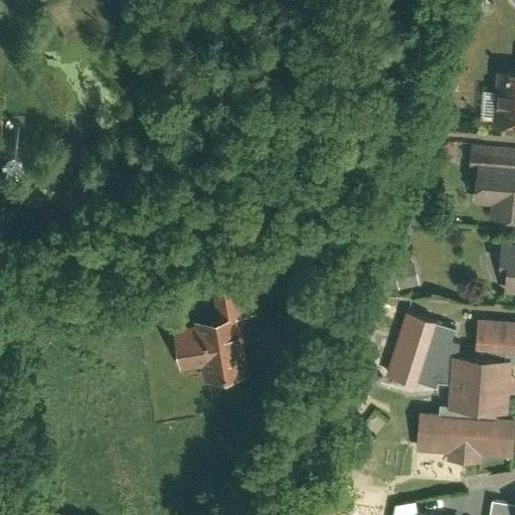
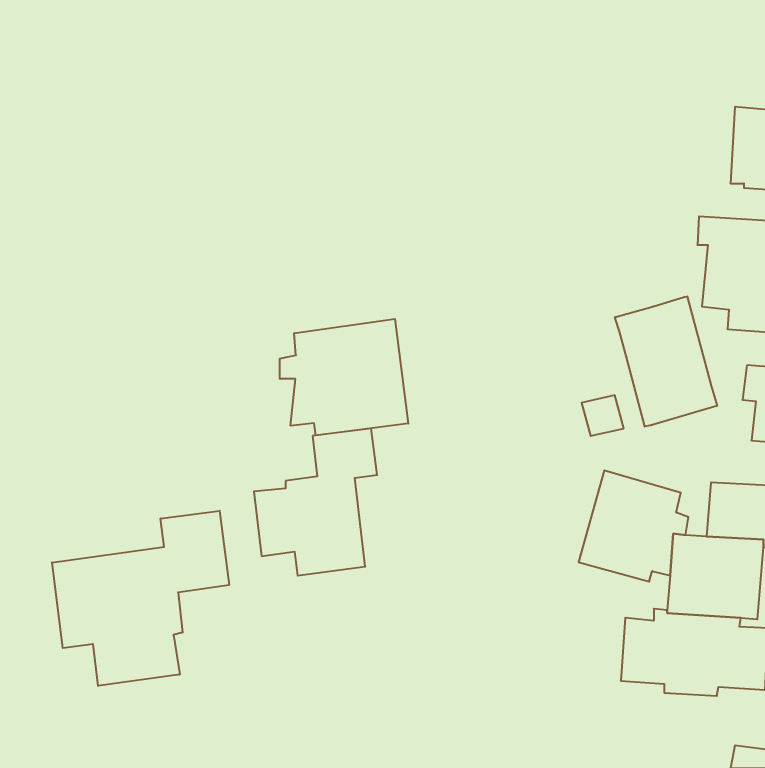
building: none -> [615,296,717,427]
building: none -> [280,319,408,435]
building: none -> [52,511,229,686]

